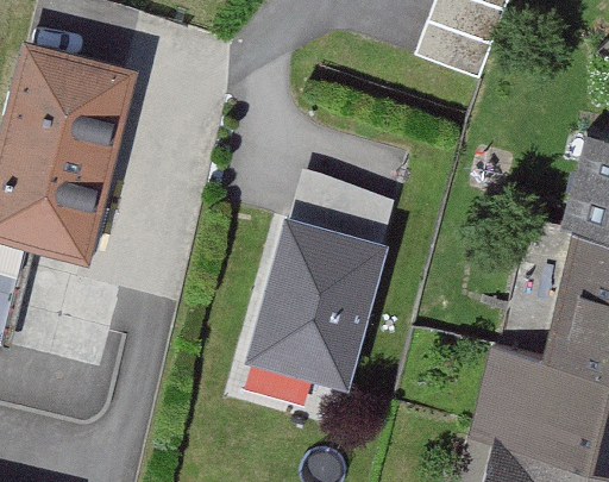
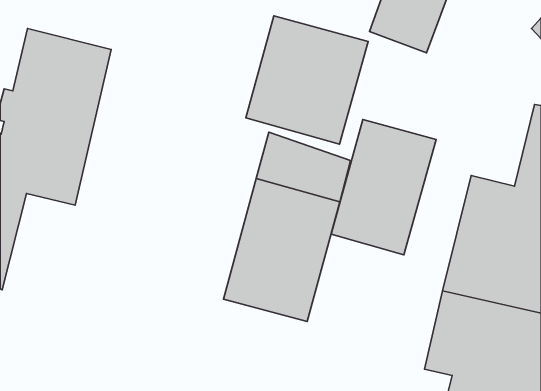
building: none -> [246,16,368,144]
building: none -> [331,119,436,255]

